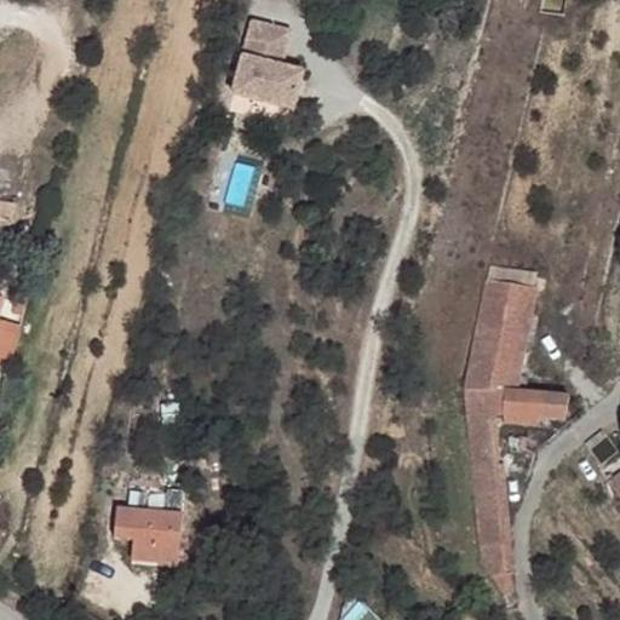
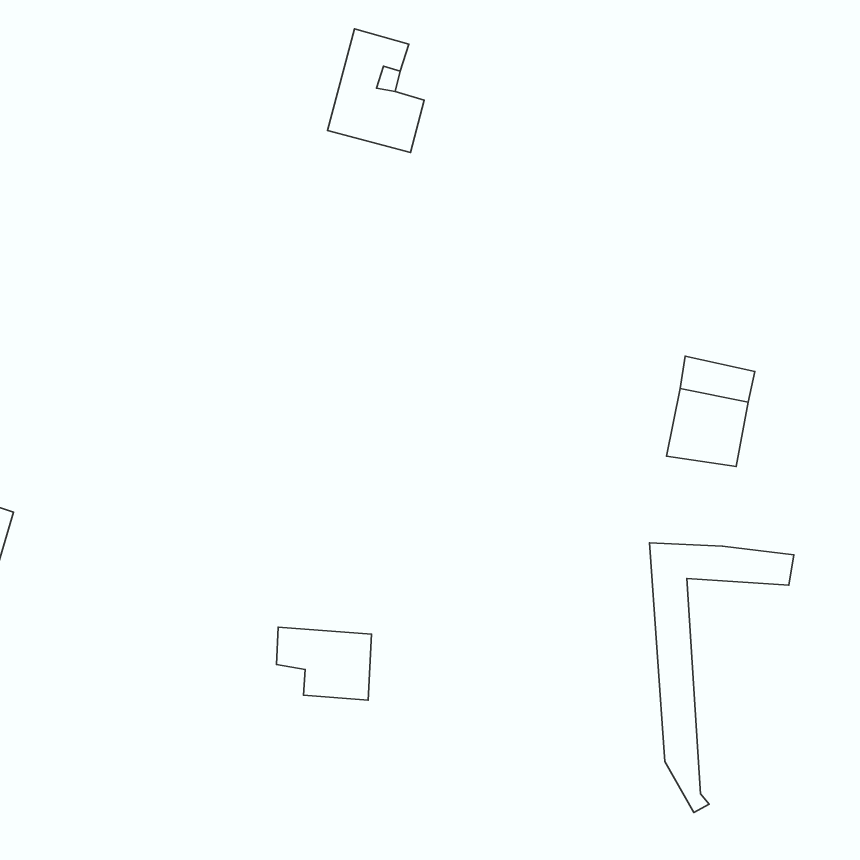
building: [464,326,526,390] -> none
building: [110,507,178,559] -> [276,627,371,700]

